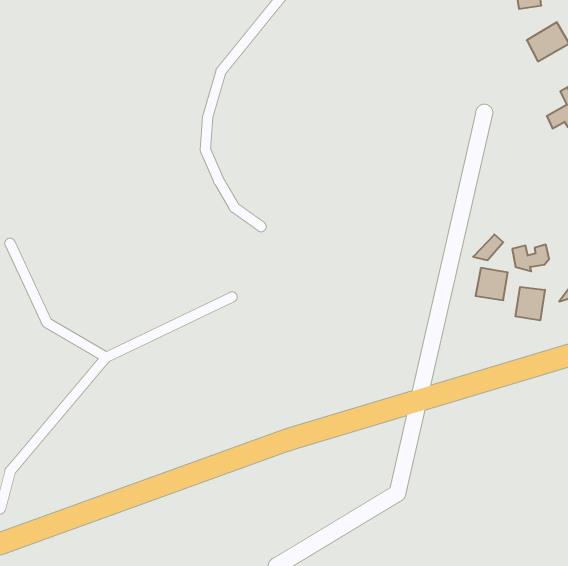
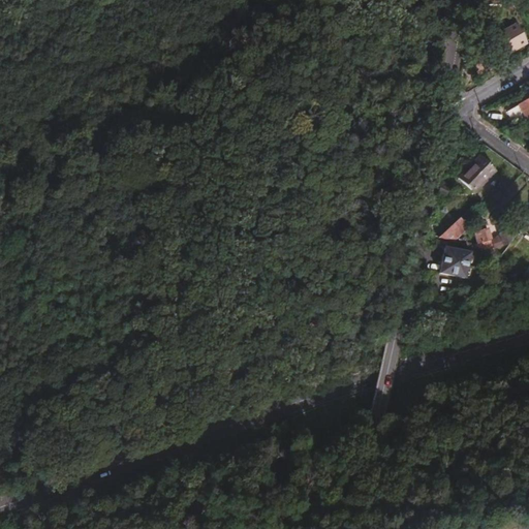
building: none -> [461,151,499,189]
building: [515,287,545,320] -> none

